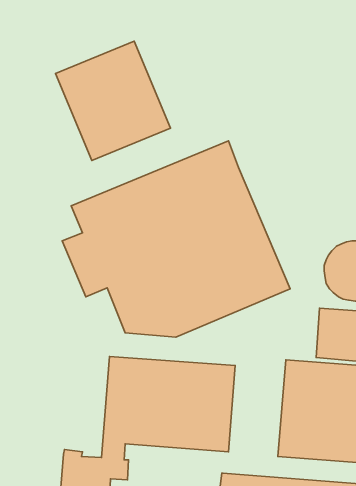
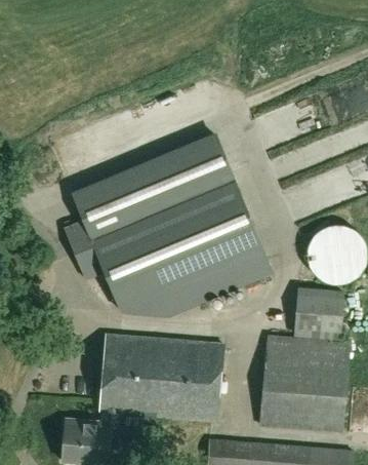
building: [56,41,170,160] -> none

